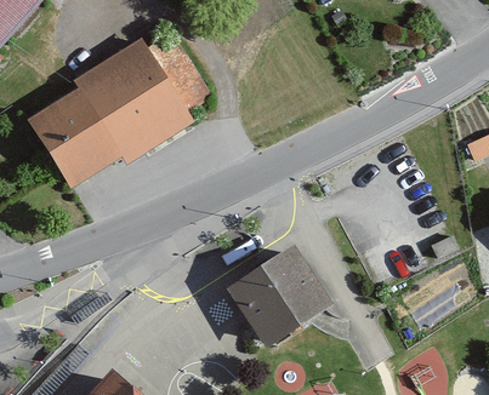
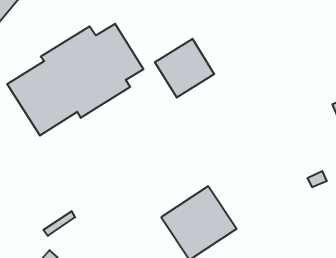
building: none -> [155,39,214,98]

